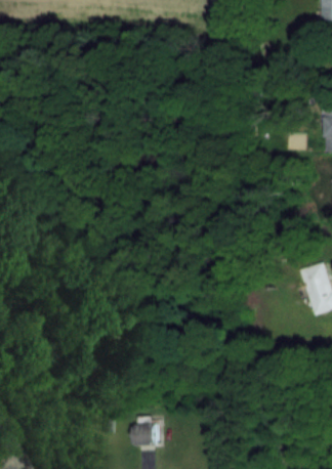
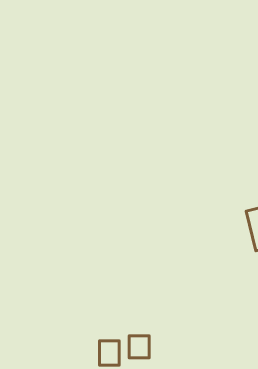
building: none -> [129,336,149,358]

